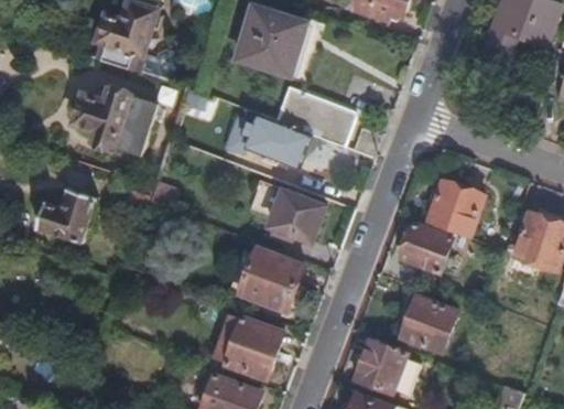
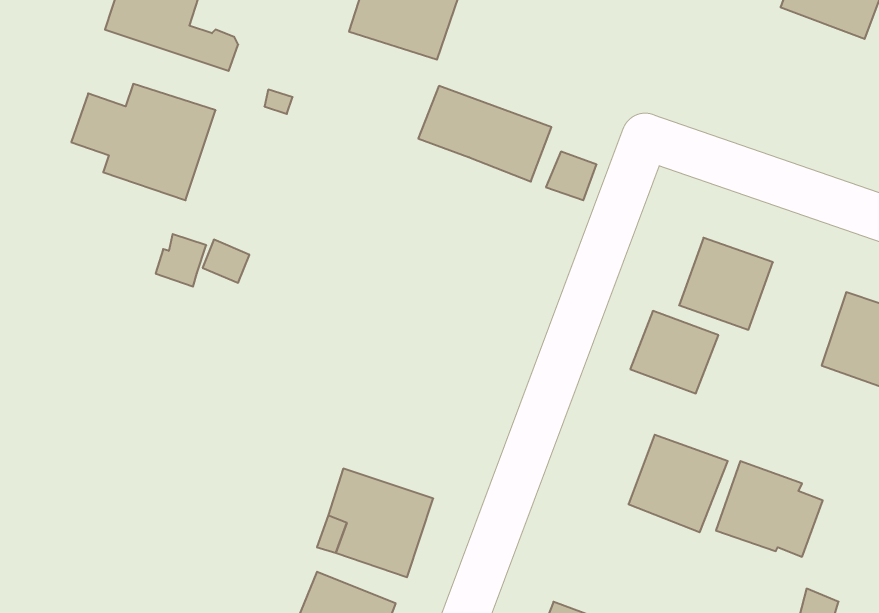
building: [240,115,305,168] -> none
building: [35,189,95,244] -> none
building: [270,190,325,244] -> none
building: [239,249,302,311] -> none
building: [355,340,417,396] -> [716,461,823,557]

